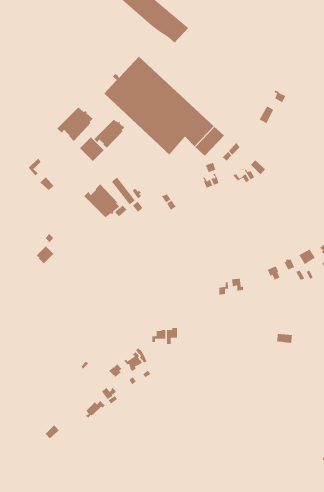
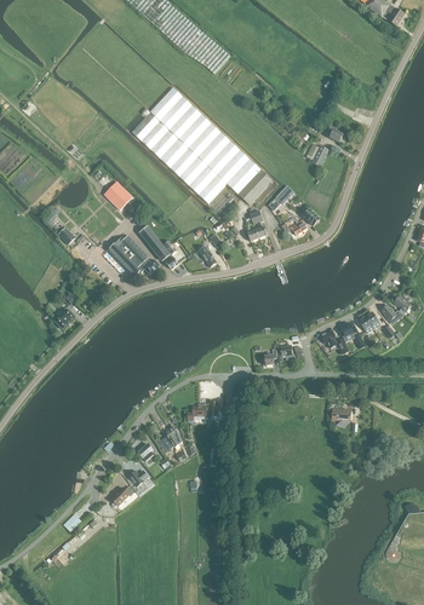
building: [57,107,94,142] -> none
building: [93,119,126,149] -> none

